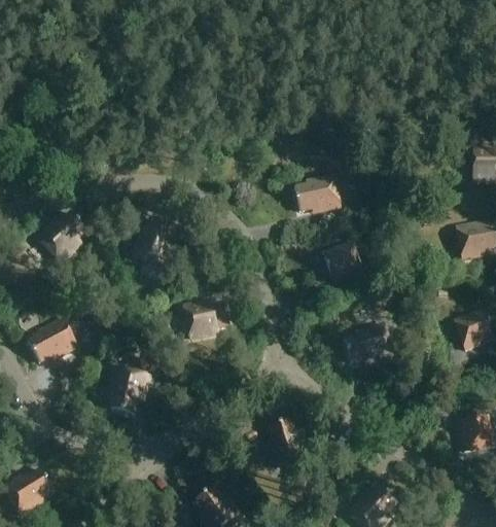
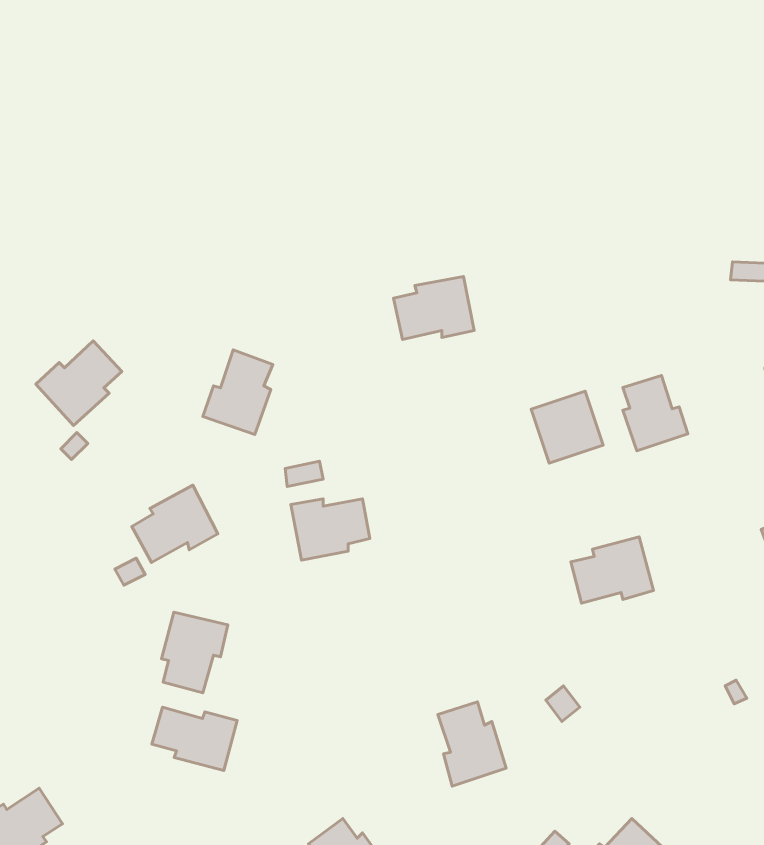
building: [293,175,340,211] -> [393,277,474,339]
building: none -> [623,375,688,451]
building: [27,318,76,362] -> [132,485,218,562]
building: none -> [152,707,237,770]

